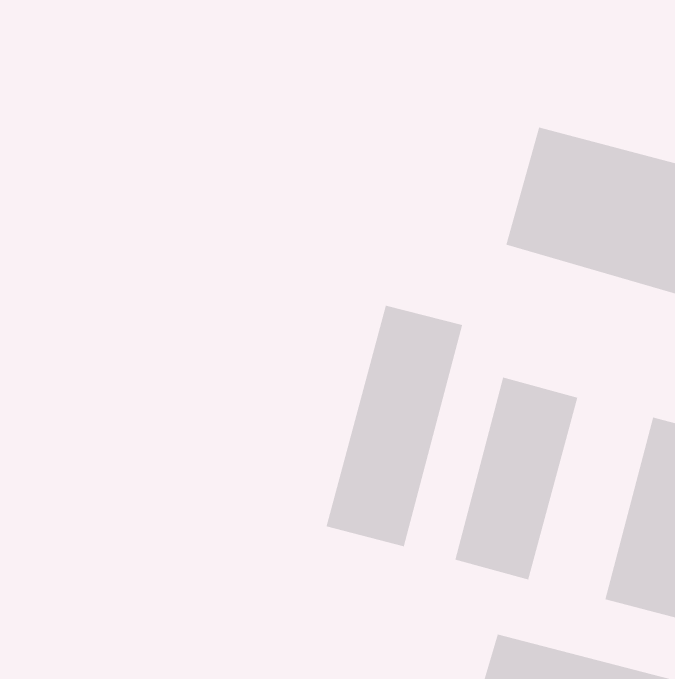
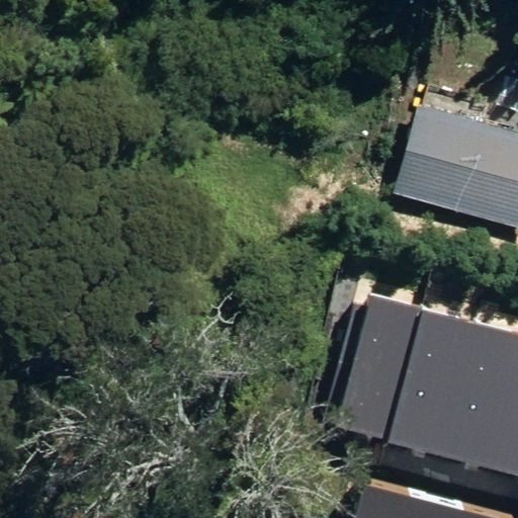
building: [326,305,463,547] -> none
building: none -> [395,307,486,455]

